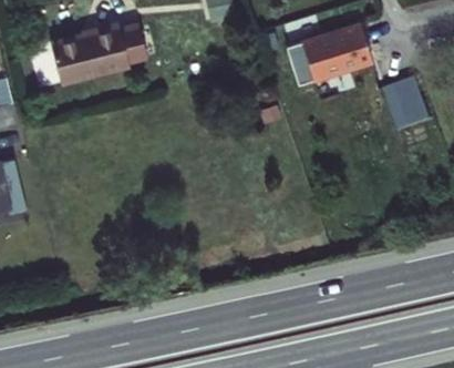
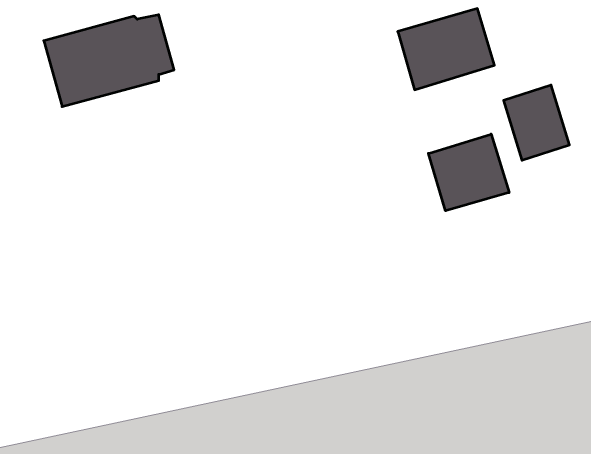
building: none -> [428,134,509,211]

